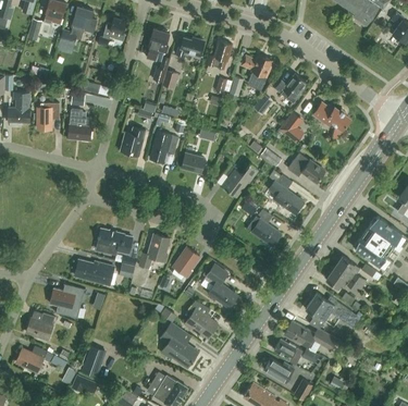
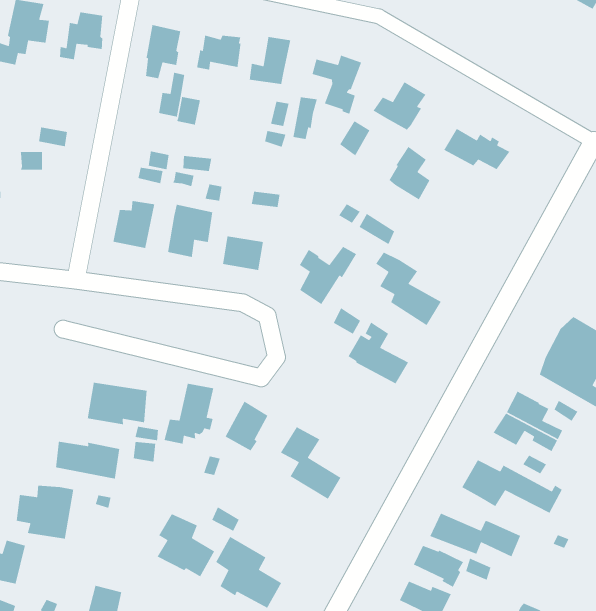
building: [69,110,91,140] -> none
building: [287,152,325,183] -> none
building: [184,300,218,339] -> [156,513,215,577]

